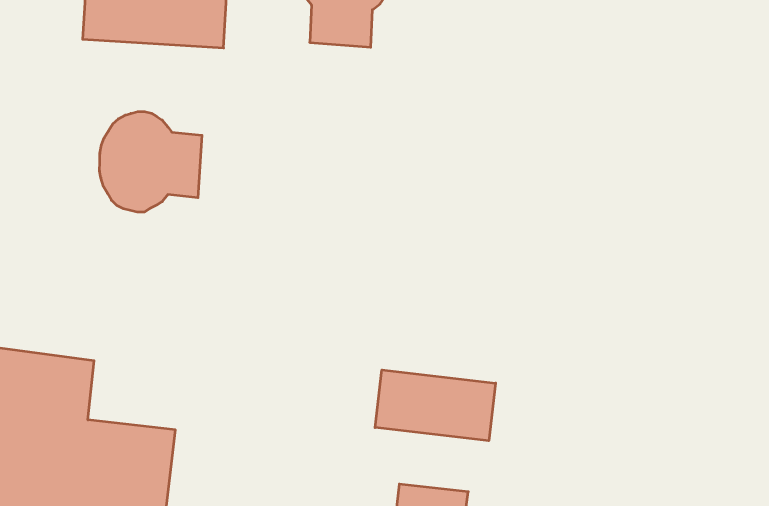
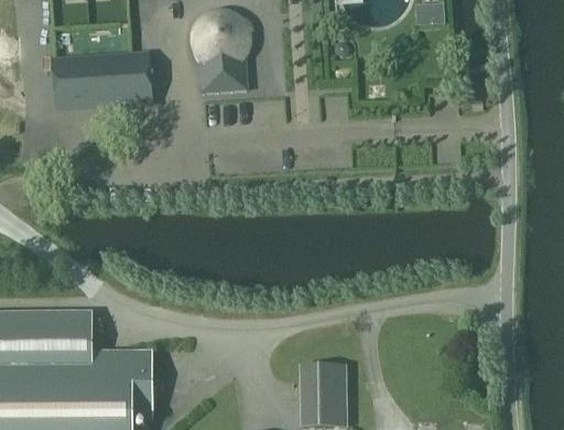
building: [100,112,202,212] -> none
building: [375,370,496,441] -> none

